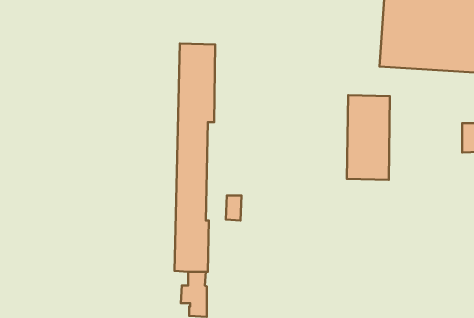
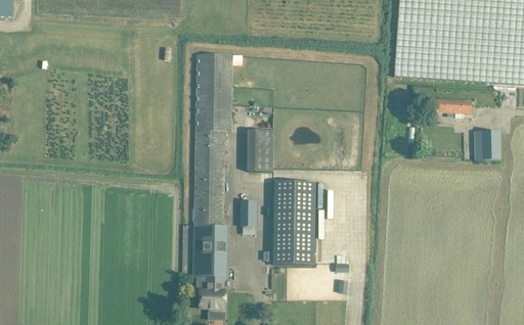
building: none -> [438,98,472,117]
building: [347,95,390,180] -> [273,181,315,264]
building: none -> [248,130,273,171]

